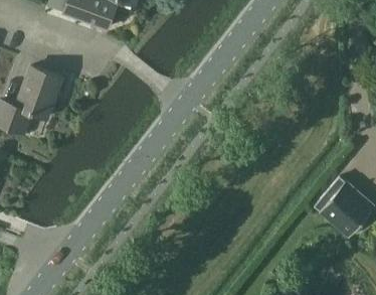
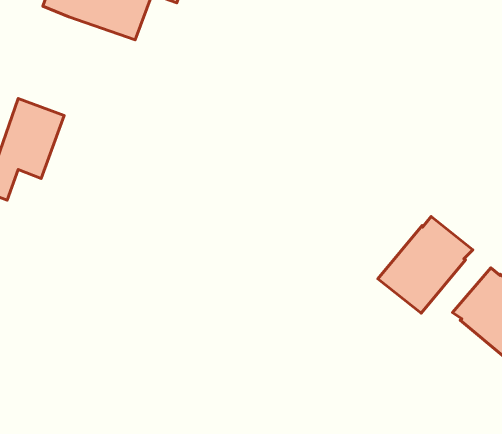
building: none -> [378,217,473,313]

